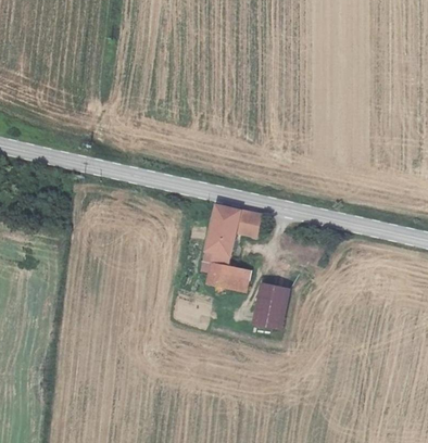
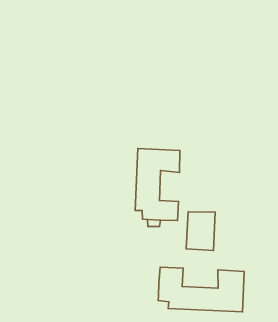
building: none -> [158,267,244,312]

